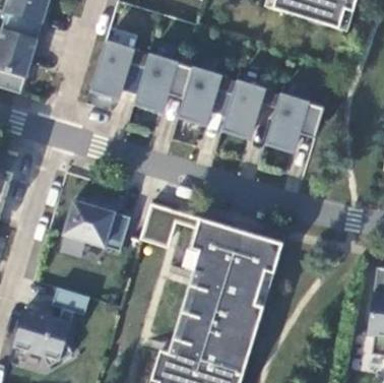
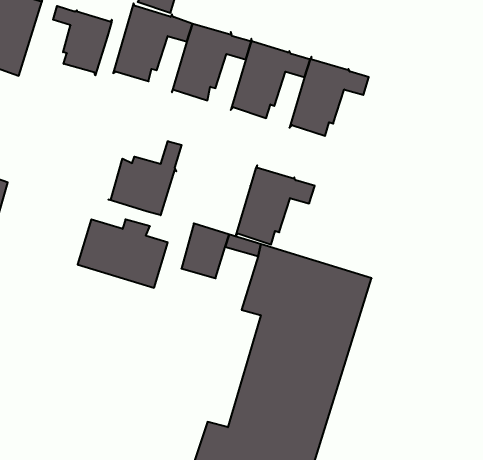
building: none -> [53,6,112,75]
building: [264,92,323,151] -> [235,165,315,245]
building: none -> [108,141,182,215]
building: [12,288,88,366] -> none

